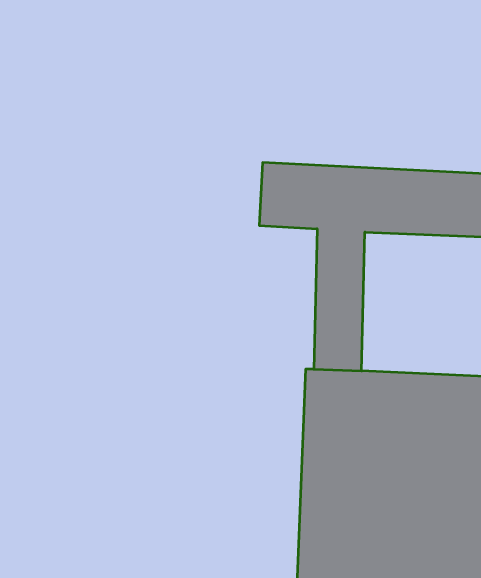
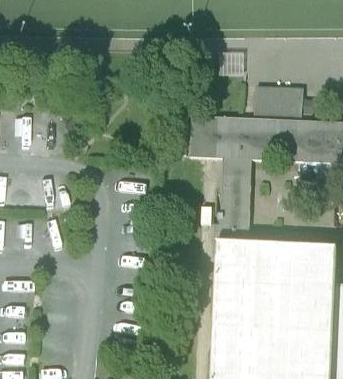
building: none -> [257,81,306,115]

